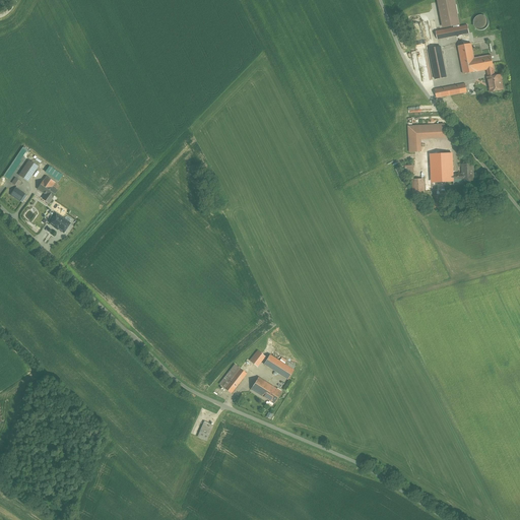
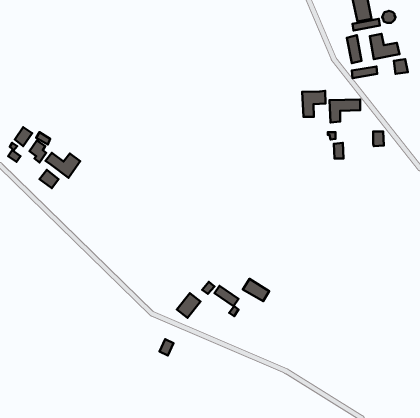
building: none -> [302,91,325,117]
building: [422,152,453,181] -> none
building: none -> [46,153,80,178]
building: [251,377,283,404] -> [243,279,269,301]

